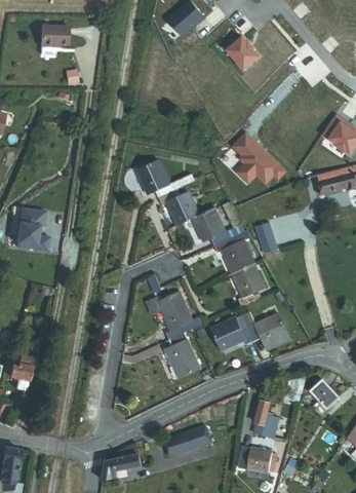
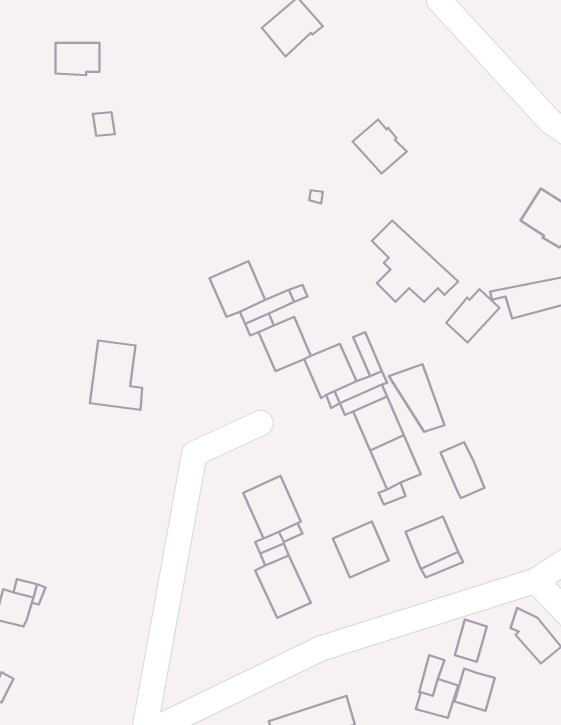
building: [227,37,260,70] -> [353,119,407,174]
building: none -> [446,289,500,342]
building: [14,210,46,252] -> [90,341,142,410]
building: [233,311,260,345] -> [440,442,484,498]
building: none -> [455,669,495,711]

